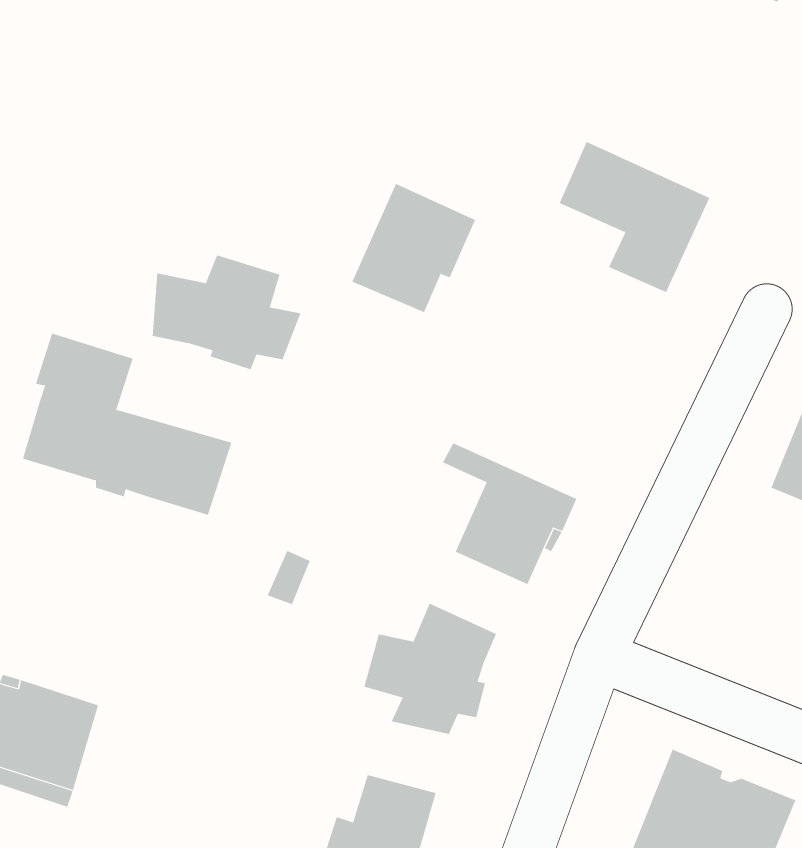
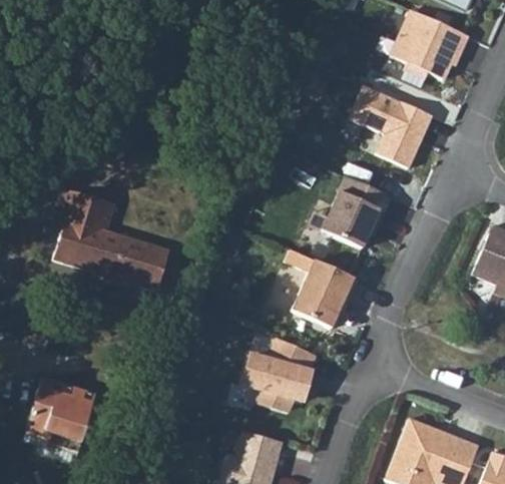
building: none -> [393,12,467,79]
building: [352,183,476,313] -> [323,176,391,248]
building: [152,255,301,370] -> none

